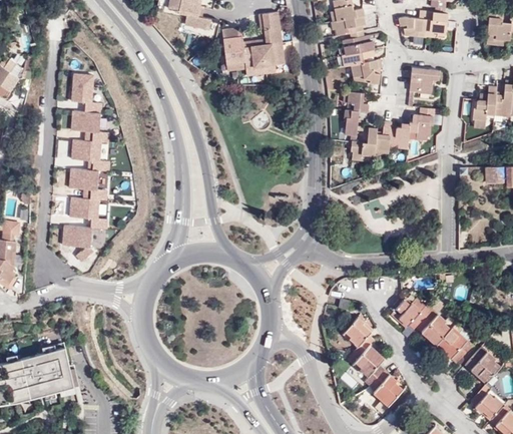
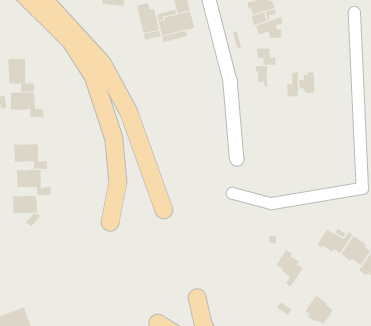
building: [409,69,438,93] -> none
building: [409,108,434,136] -> none
building: [352,128,377,157] -> none
building: [71,140,108,171] -> none
building: [346,347,385,386] -> none

